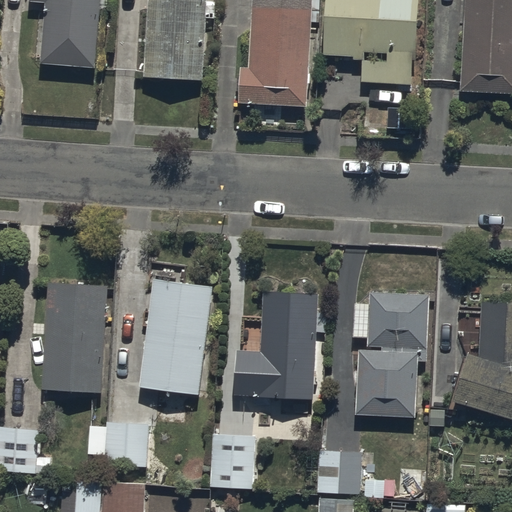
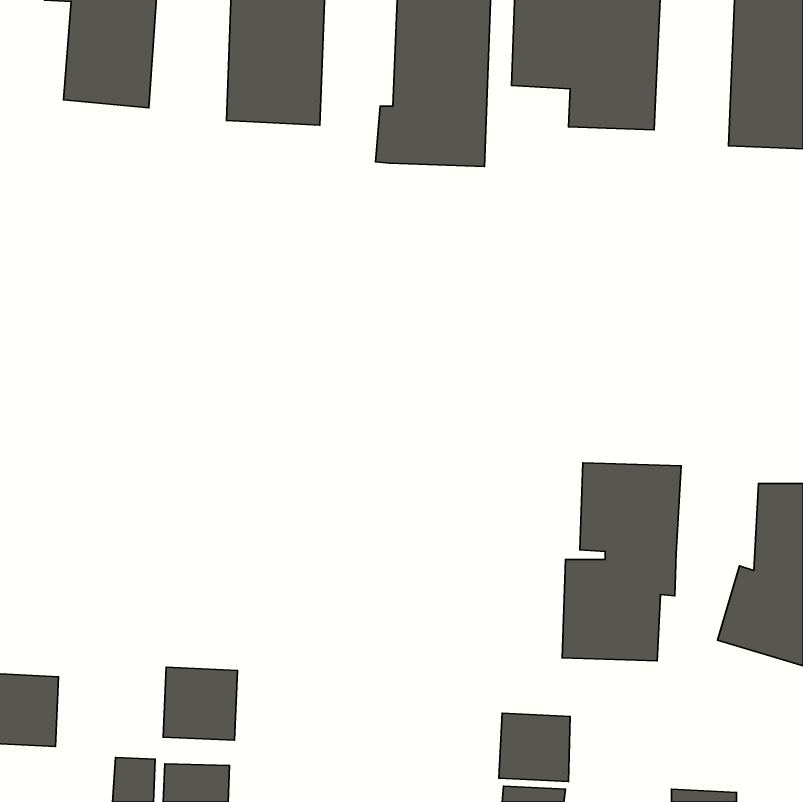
building: [139,278,211,395] -> none
building: [43,281,105,391] -> none
building: [234,292,317,399] -> none
building: [207,432,255,488] -> none

